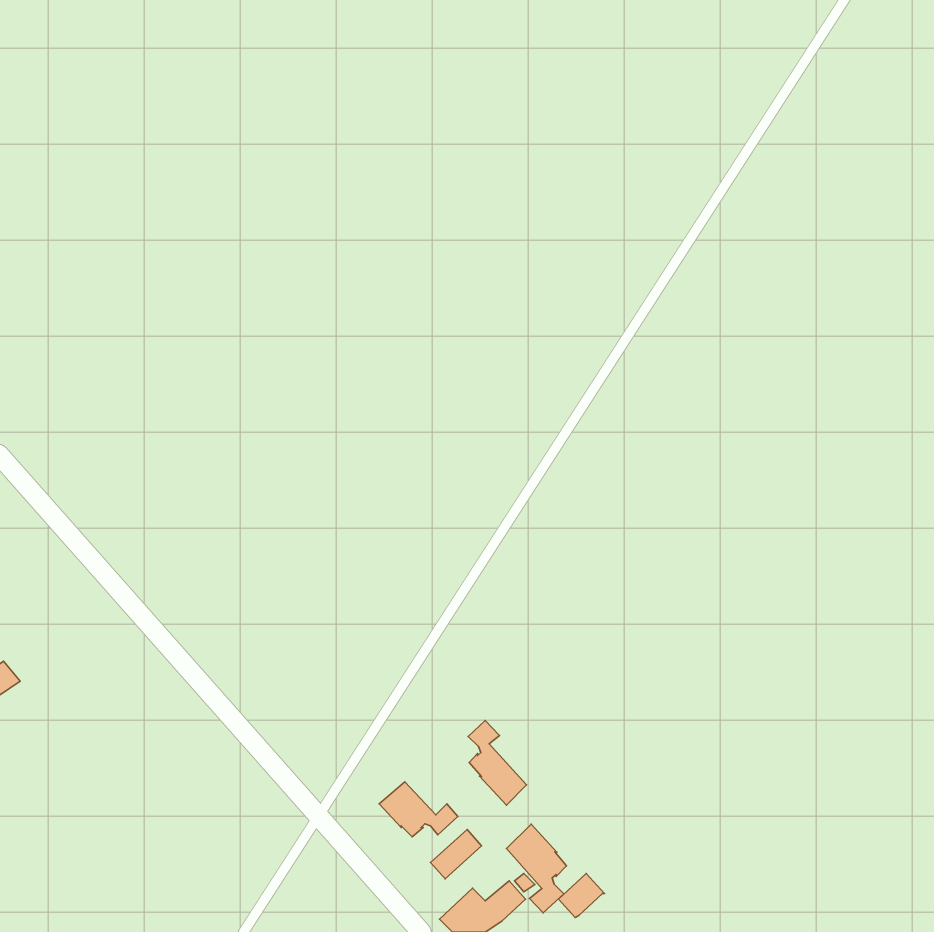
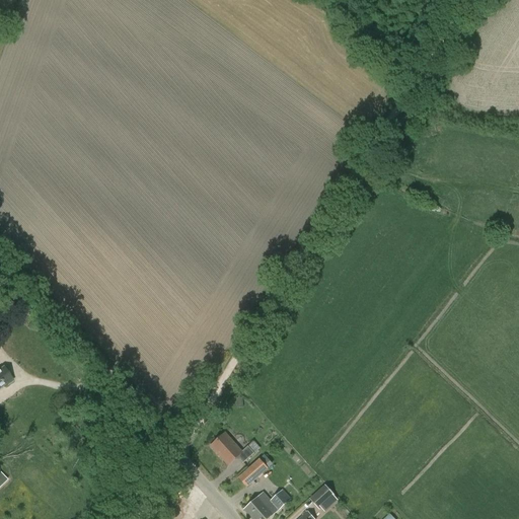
building: [468,721,526,805] -> none
building: [506,824,567,913] -> none

